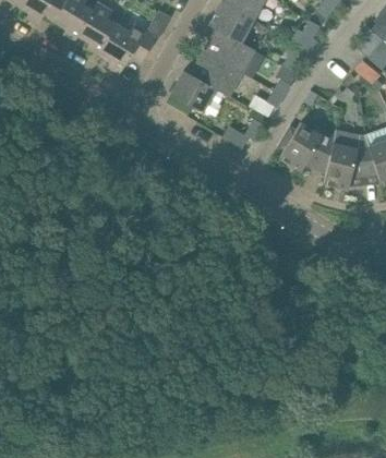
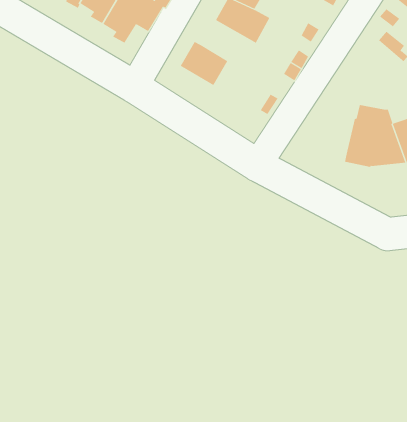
building: [191,50,242,96] -> none
building: [277,121,338,172] -> none

